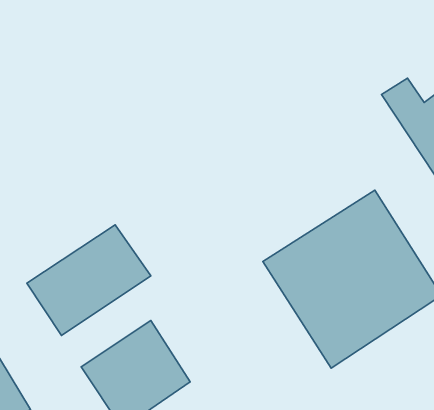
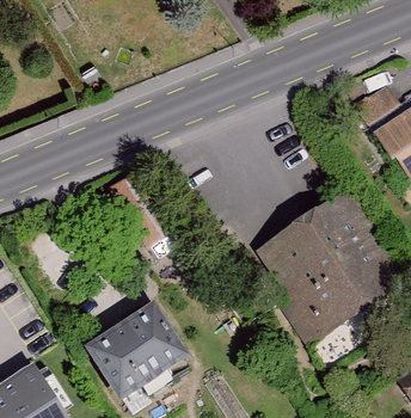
building: [27,225,151,336] -> none

